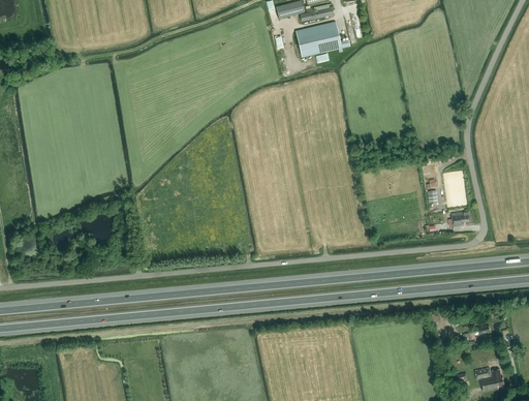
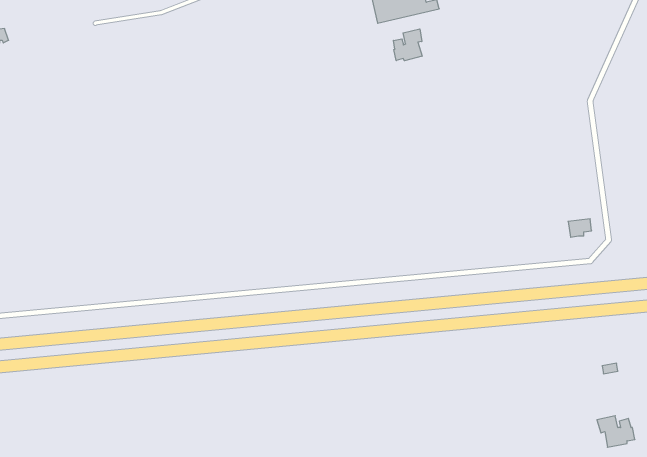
building: none -> [393,29,422,61]

